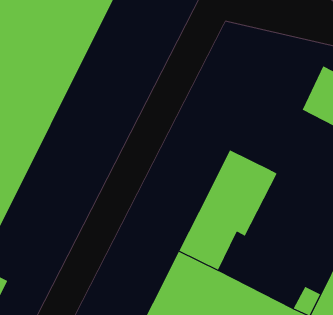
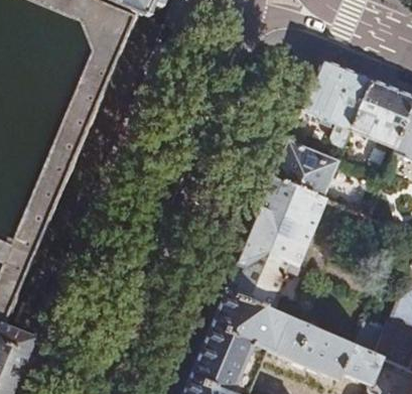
building: none -> [306,59,372,144]
building: none -> [277,142,338,196]

